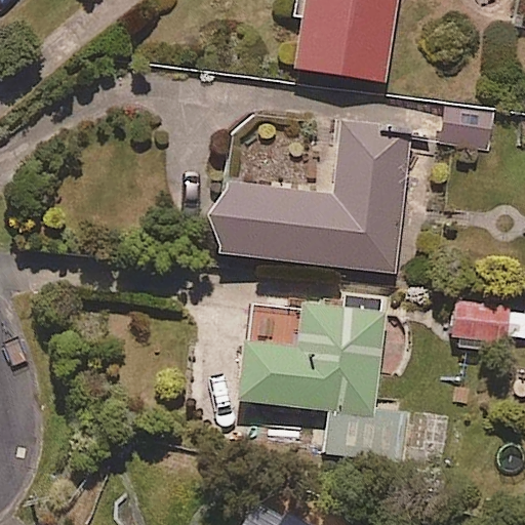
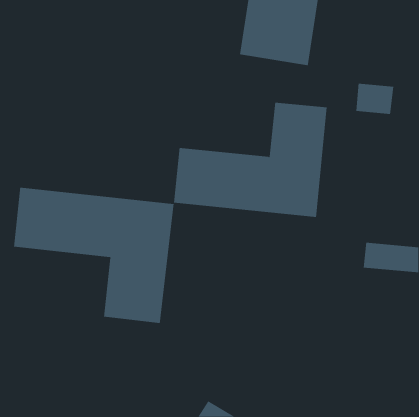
building: none -> [13,187,174,324]
building: [238,305,403,457] -> none

